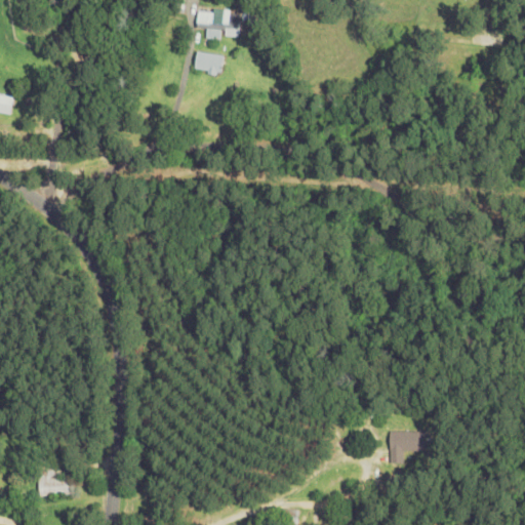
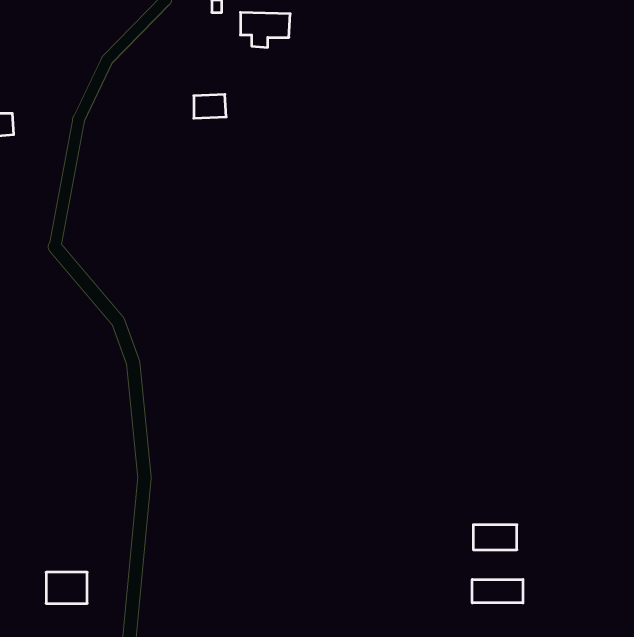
building: [196,53,223,73] -> [194,94,226,118]
building: none -> [472,579,523,603]

